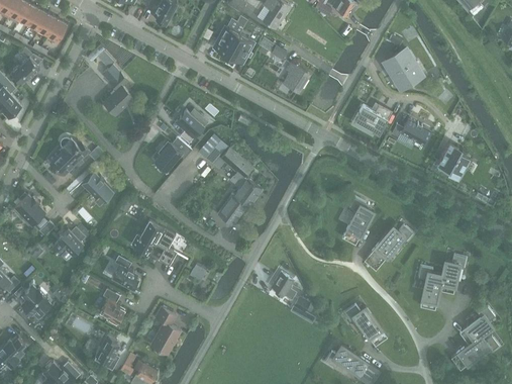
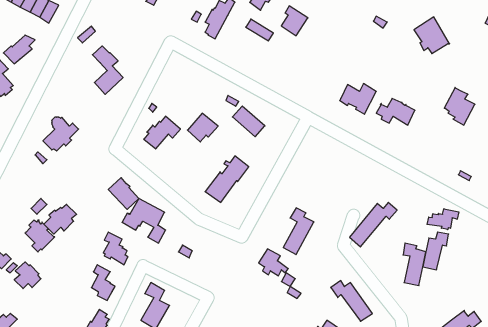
building: [226,33,252,65] -> none
building: [385,49,421,86] -> [414,17,450,54]
building: [282,63,309,93] -> [281,6,308,36]
building: [174,109,203,142] -> none
building: [437,140,469,179] -> [444,87,475,125]
building: [219,147,252,178] -> [232,106,265,137]
building: [81,170,112,202] -> [108,178,139,209]
building: [14,193,44,225] -> [25,220,55,252]
building: [341,197,373,245] -> [283,208,314,255]
building: none -> [427,209,459,230]
building: [458,306,494,345] -> none

